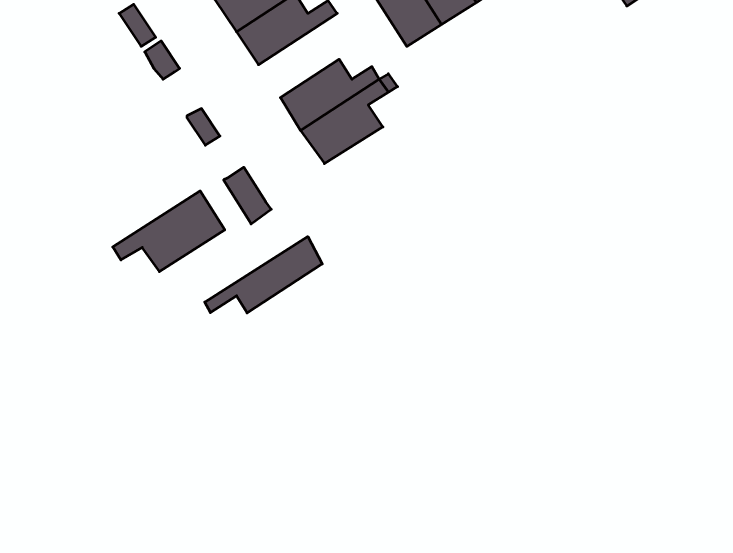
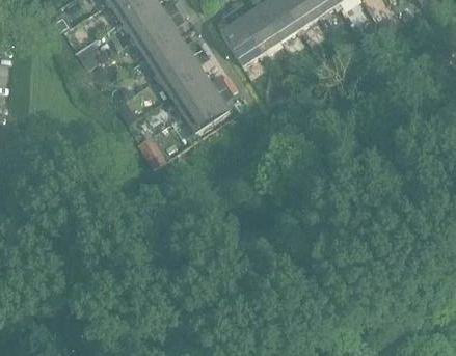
building: none -> [158,46,207,93]
building: [113,191,225,272] -> none
building: [205,237,322,313] -> none

